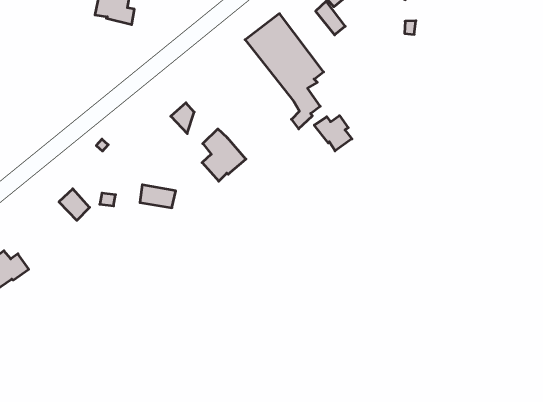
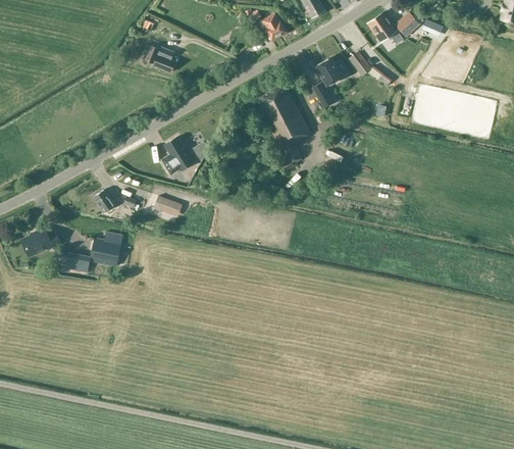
building: [314,116,352,151] -> none
building: [202,129,246,181] -> [161,136,195,176]
building: none -> [65,232,123,272]

